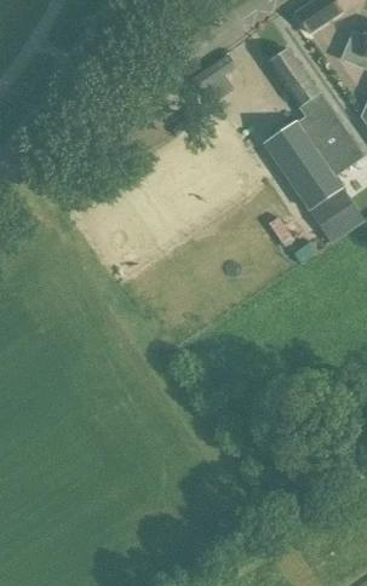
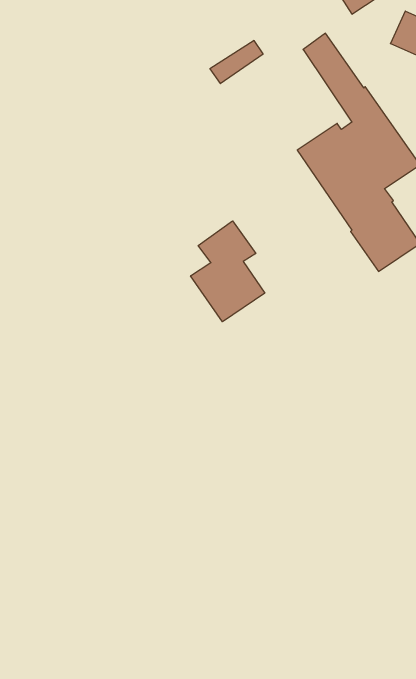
building: none -> [191,221,265,322]

